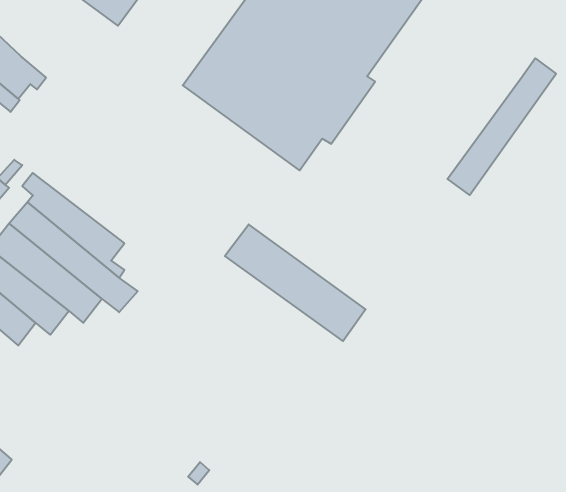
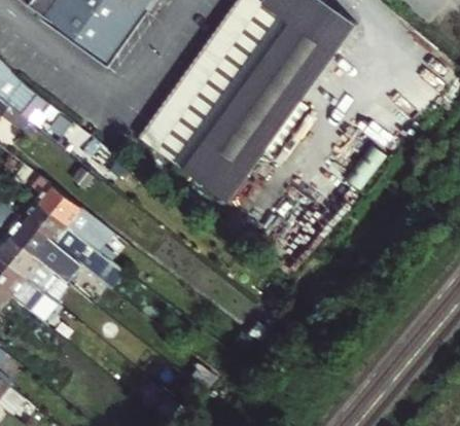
building: [447,58,556,195] -> none
building: [225,224,366,341] -> [137,109,246,200]

